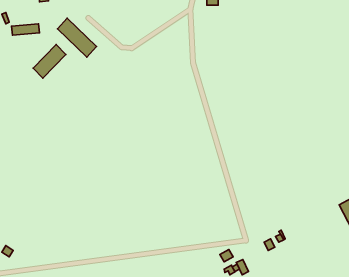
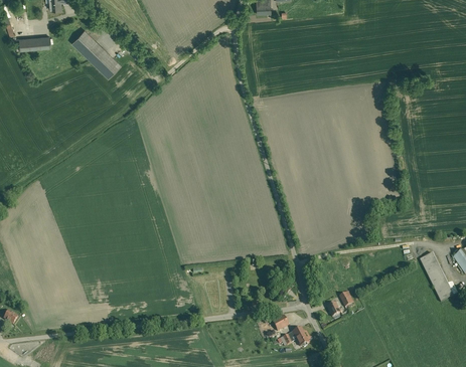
building: [33,44,66,78] -> none

